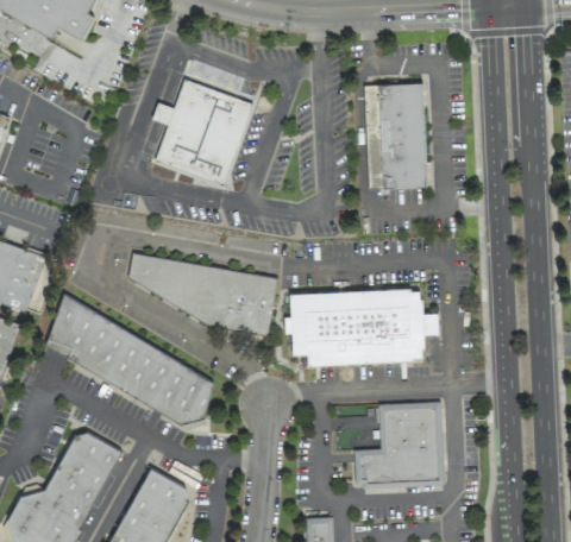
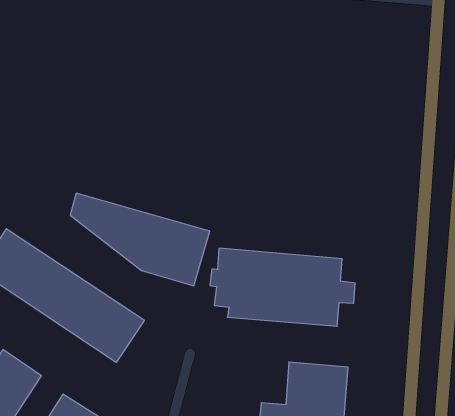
building: [151,80,251,187] -> none
building: [364,83,427,189] -> none

